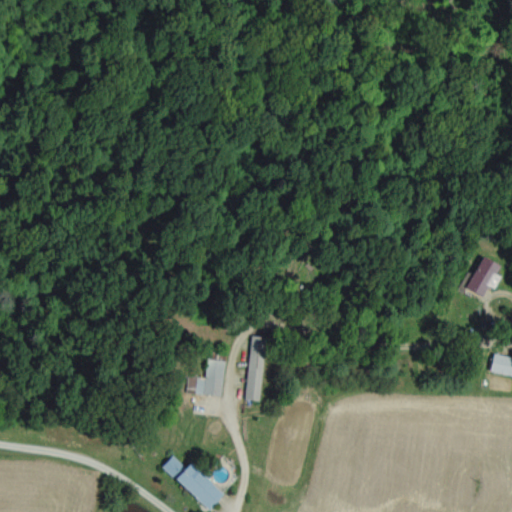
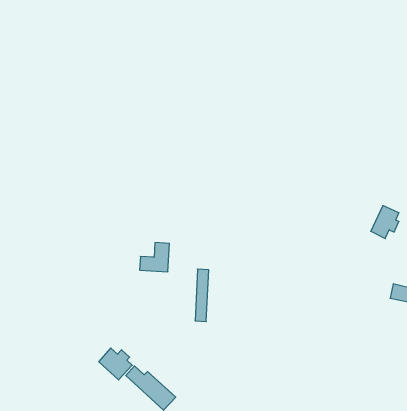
building: [189,359,226,395] -> [140,243,169,272]
building: none -> [99,348,132,380]

